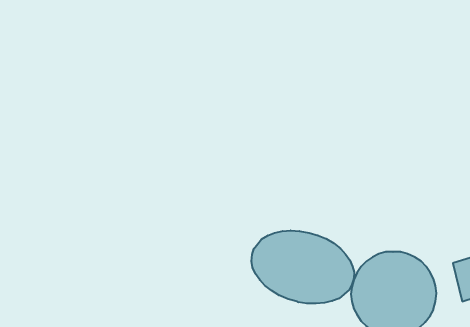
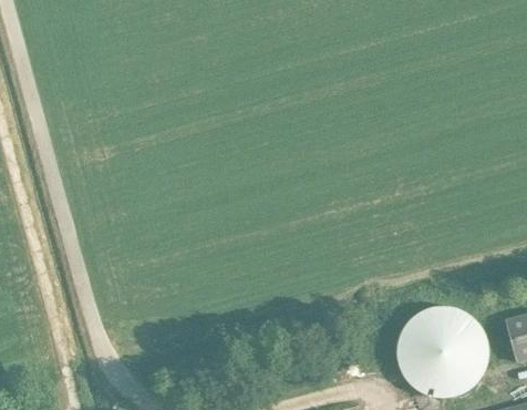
building: [252,230,354,303] -> none

